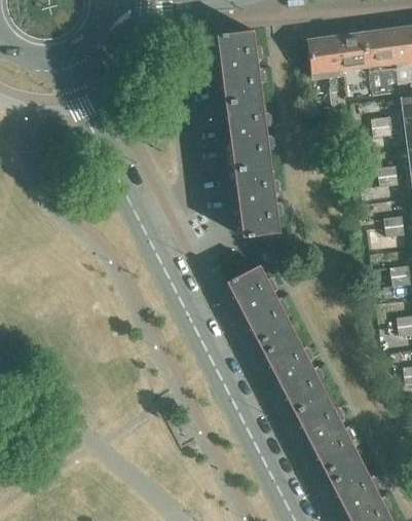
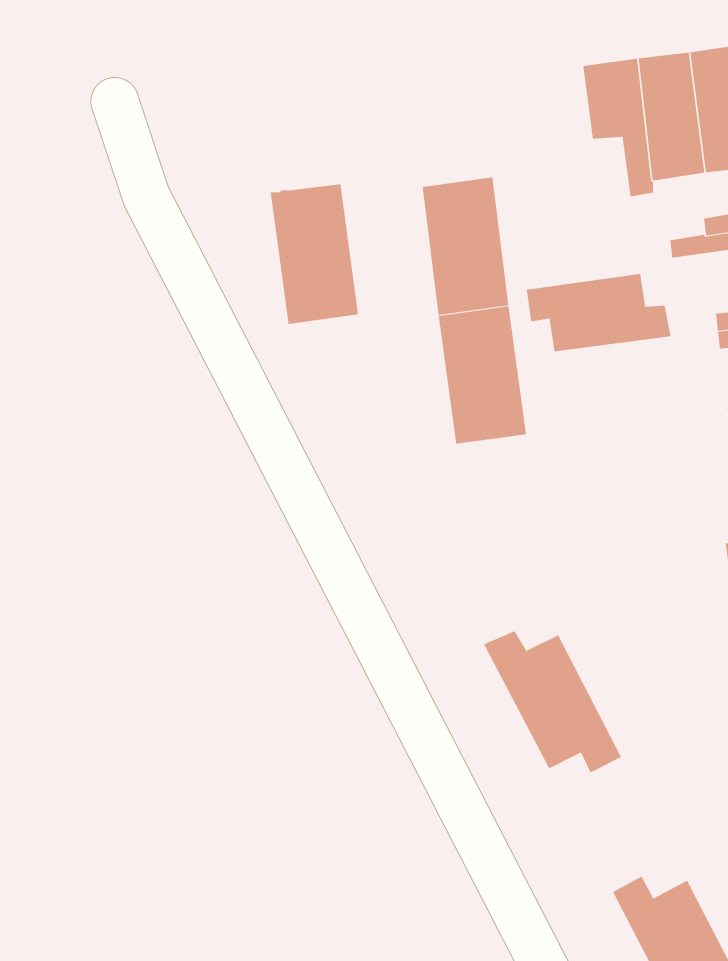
building: [215,29,261,102] -> [270,184,359,325]
building: none -> [526,273,671,352]
building: [226,263,295,342] -> none
building: [290,396,362,471] -> none

